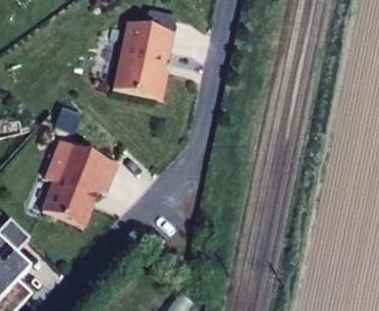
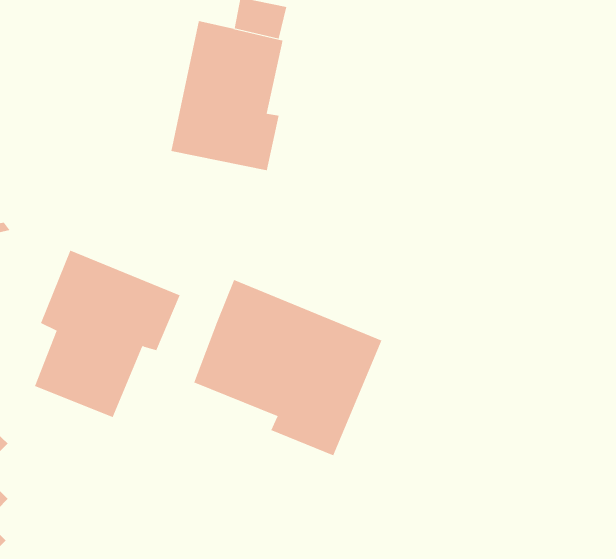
building: none -> [193,279,382,456]

